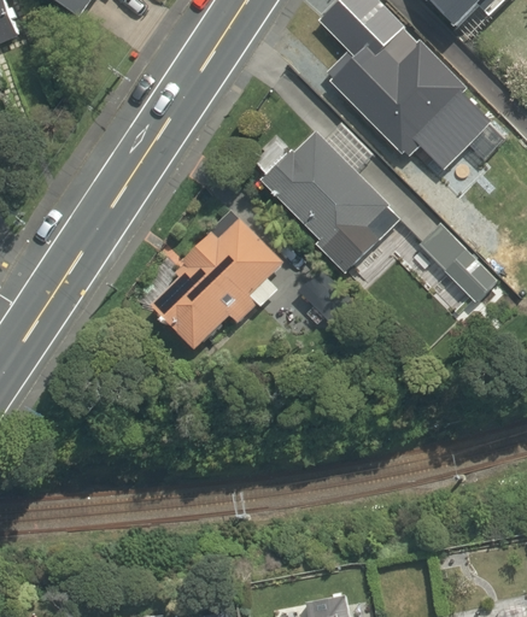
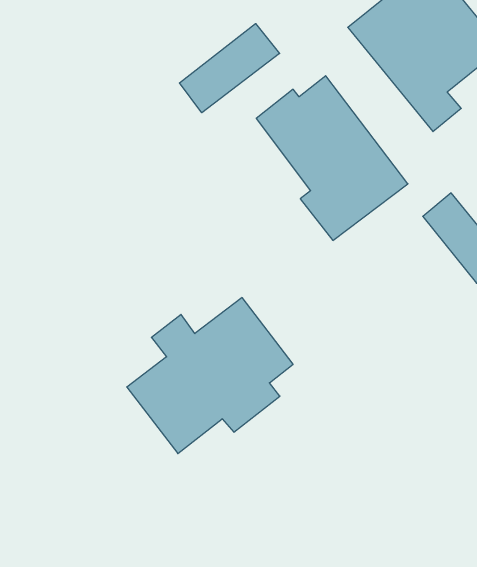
building: none -> [179,24,280,113]
building: [139,204,286,351] -> [127,298,293,454]

